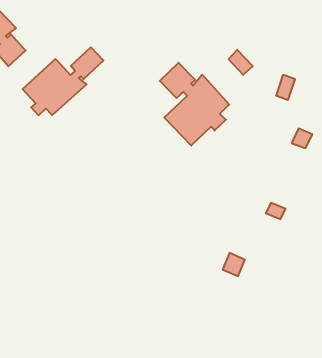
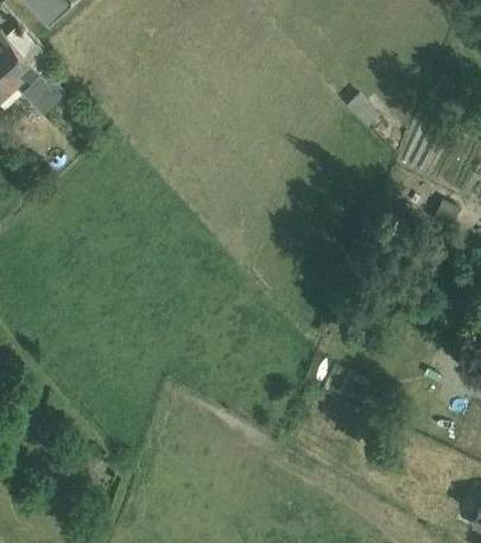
building: [23,47,103,115] -> none
building: [160,63,229,146] -> none

